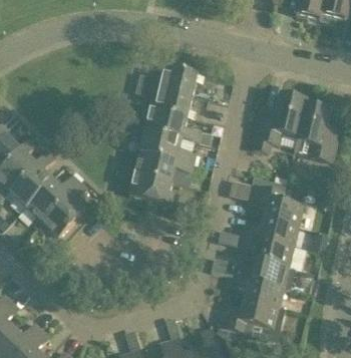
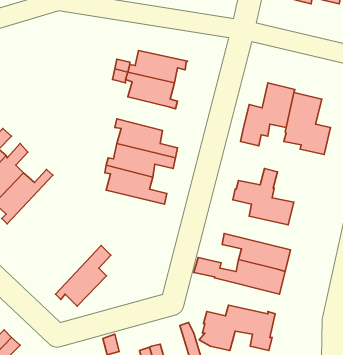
building: [138,107,211,146] -> none
building: [37,181,88,237] -> [56,245,111,306]
building: [238,219,299,250] -> none
building: [227,276,289,309] -> none

